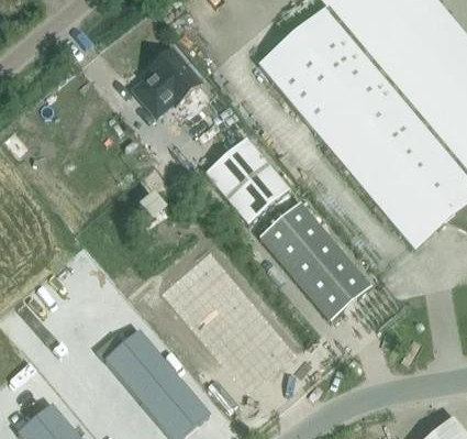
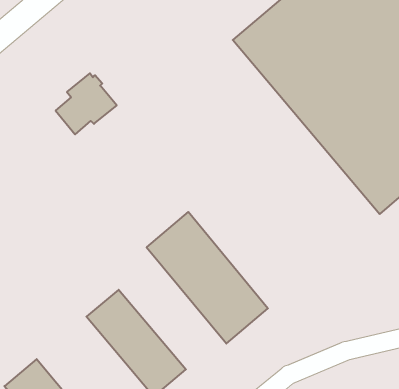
building: [135,50,200,114] -> [56,73,117,134]
building: [205,138,289,223] -> none
building: [260,202,370,319] -> none

